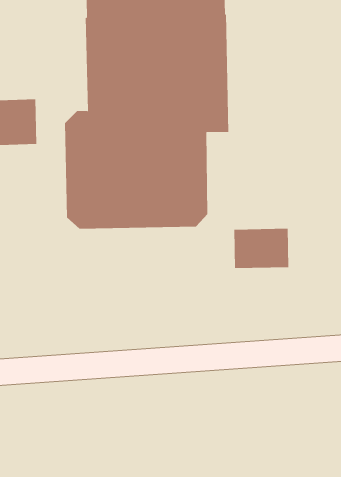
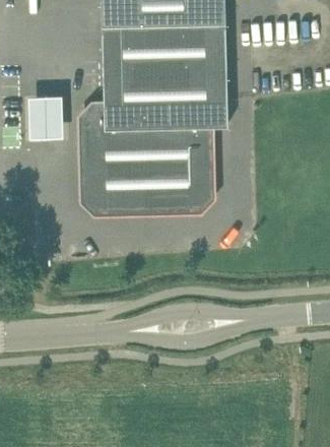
building: [234,228,289,269] -> none

